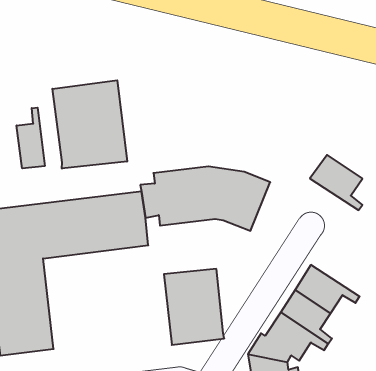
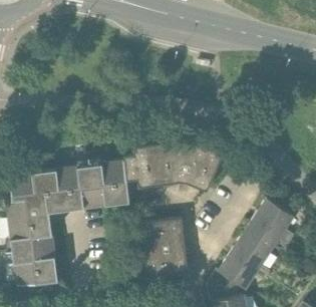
building: [52,80,127,169] -> none
building: [17,108,45,168] -> none
building: [310,155,362,210] -> [254,199,294,241]

